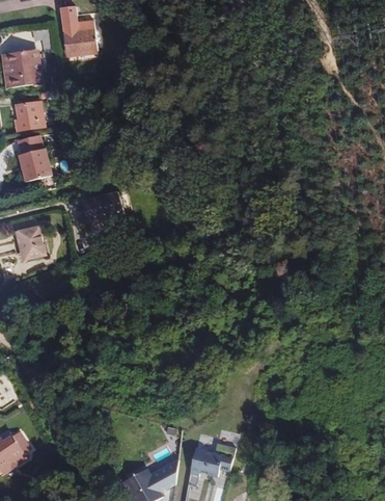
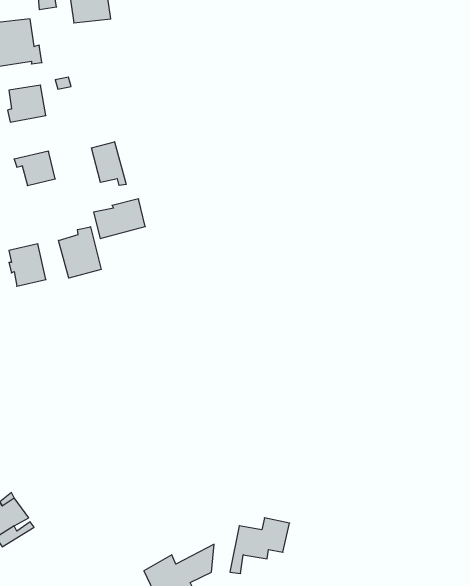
building: [18,135,47,160] -> none
building: none -> [91,142,126,185]
building: none -> [59,227,101,278]

